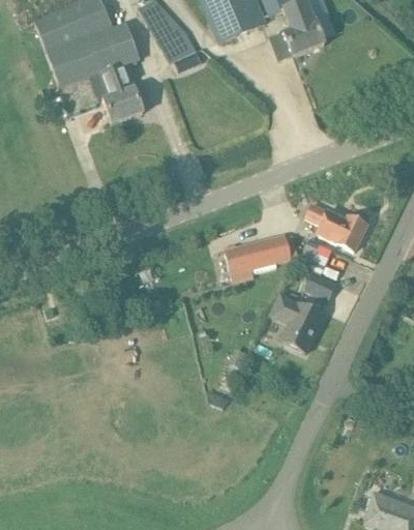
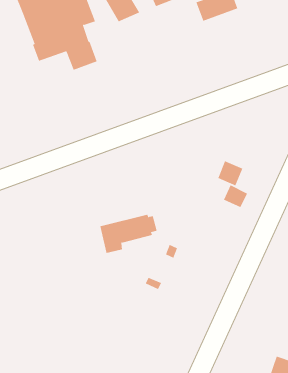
building: [303,201,368,251] -> none
building: [224,232,298,283] -> [100,214,158,254]
building: [269,292,325,353] -> none

